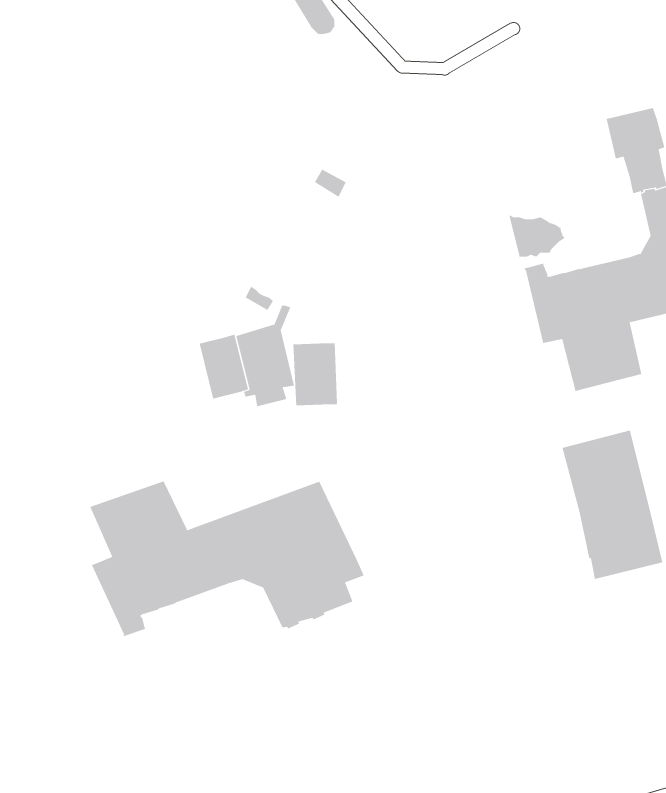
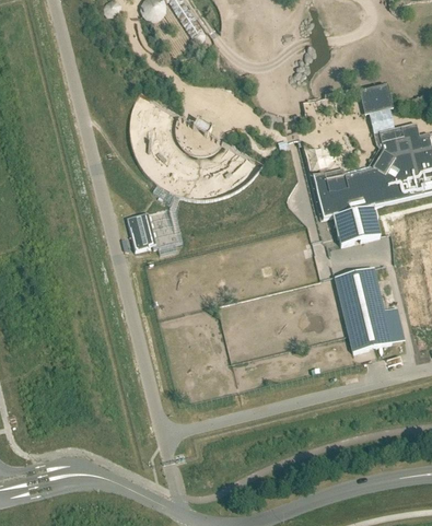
building: [293,342,338,406] -> none
building: [90,481,364,637] -> none

